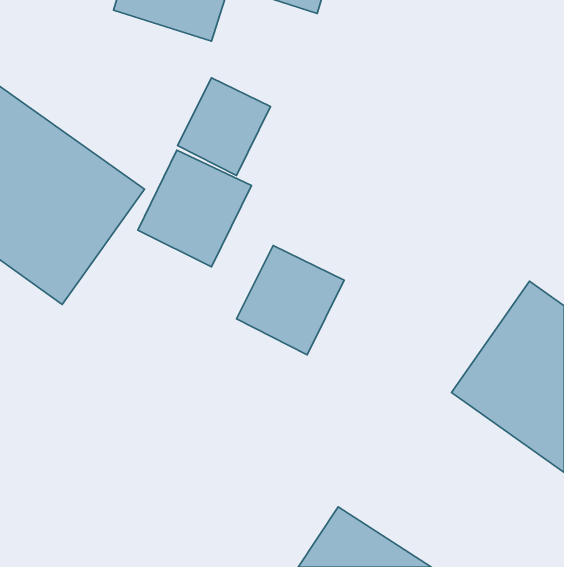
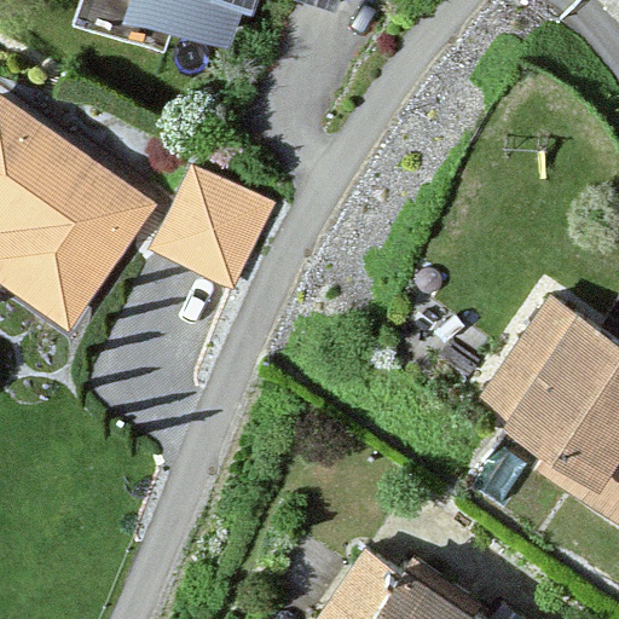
building: [178,78,270,175] -> none
building: [237,246,344,355] -> none

